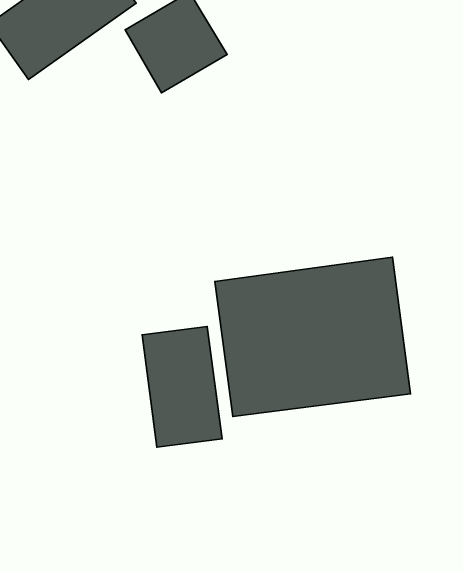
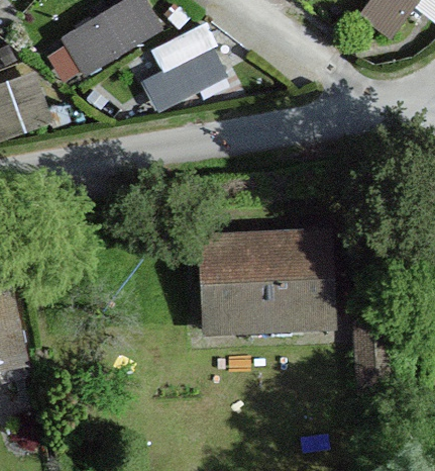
building: [142,326,222,447] -> none

